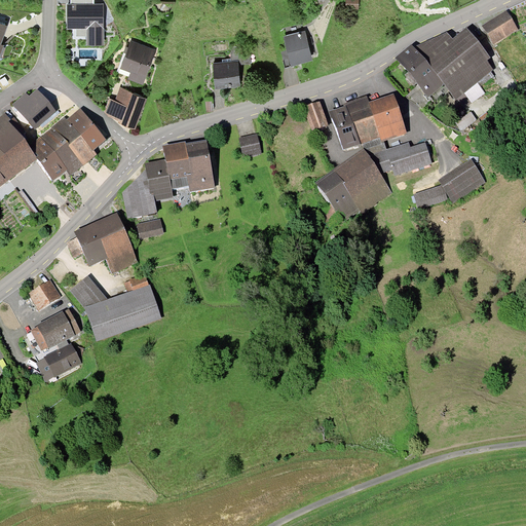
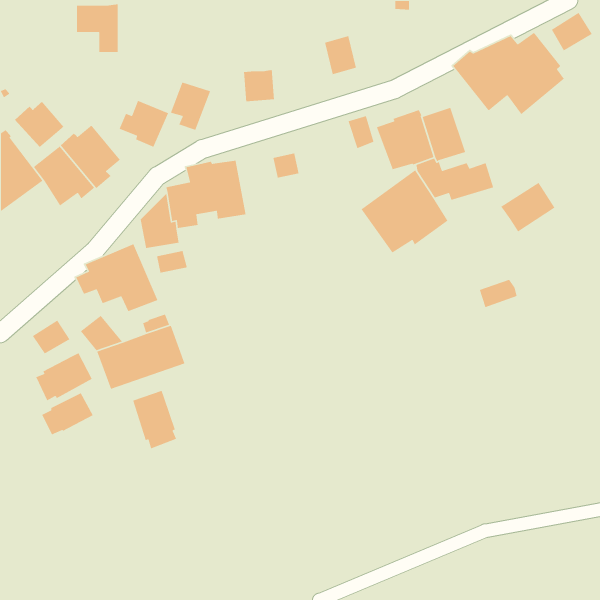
building: [120,41,156,84] -> [170,81,211,131]
building: [414,185,448,211] -> [479,279,518,308]
building: none -> [132,390,177,449]

